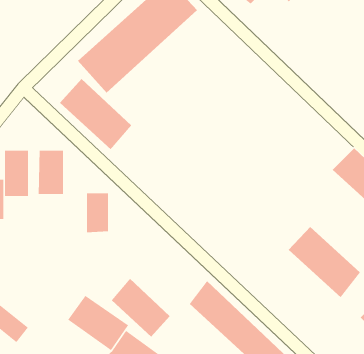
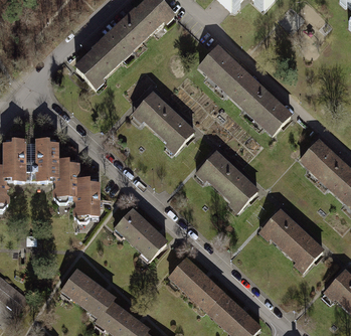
building: none -> [196,45,291,135]
building: [59,78,132,150] -> [129,89,194,153]
building: none -> [192,148,257,210]
building: none -> [56,161,77,196]
building: [111,278,170,337] -> [115,207,168,261]

